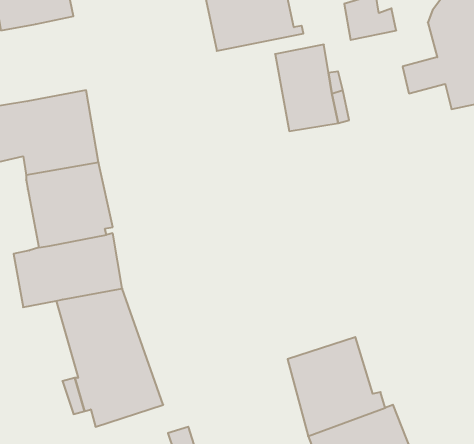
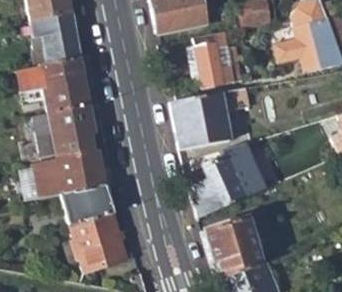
building: none -> [33,12,76,66]
building: none -> [172,88,251,148]
building: none -> [195,142,265,216]

